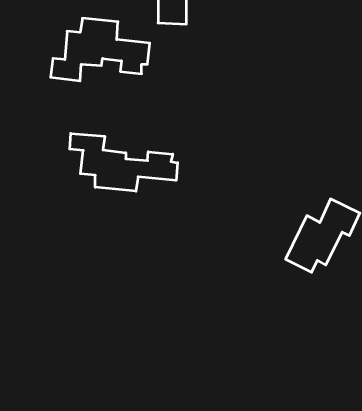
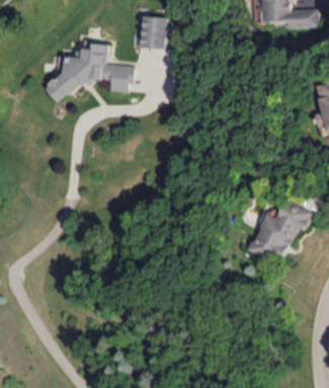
building: [70,133,178,191] -> none

